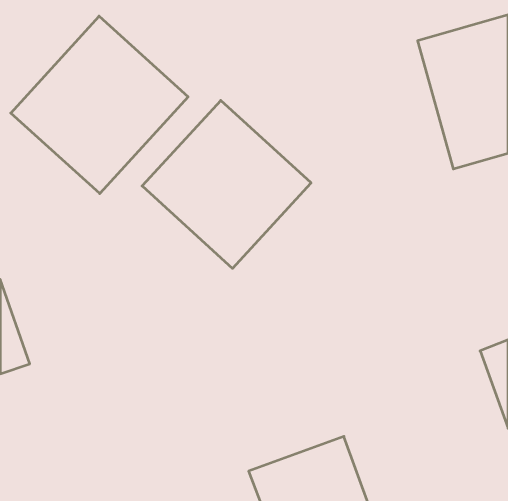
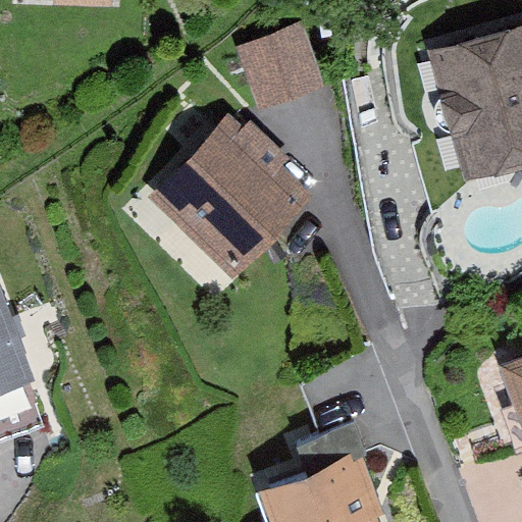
building: [11,16,188,194] -> none
building: none -> [242,24,332,112]

